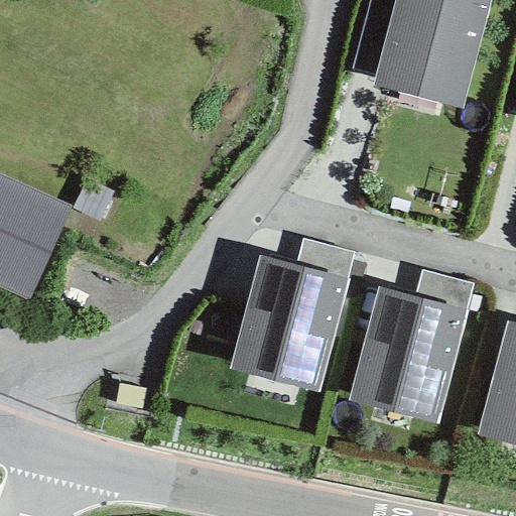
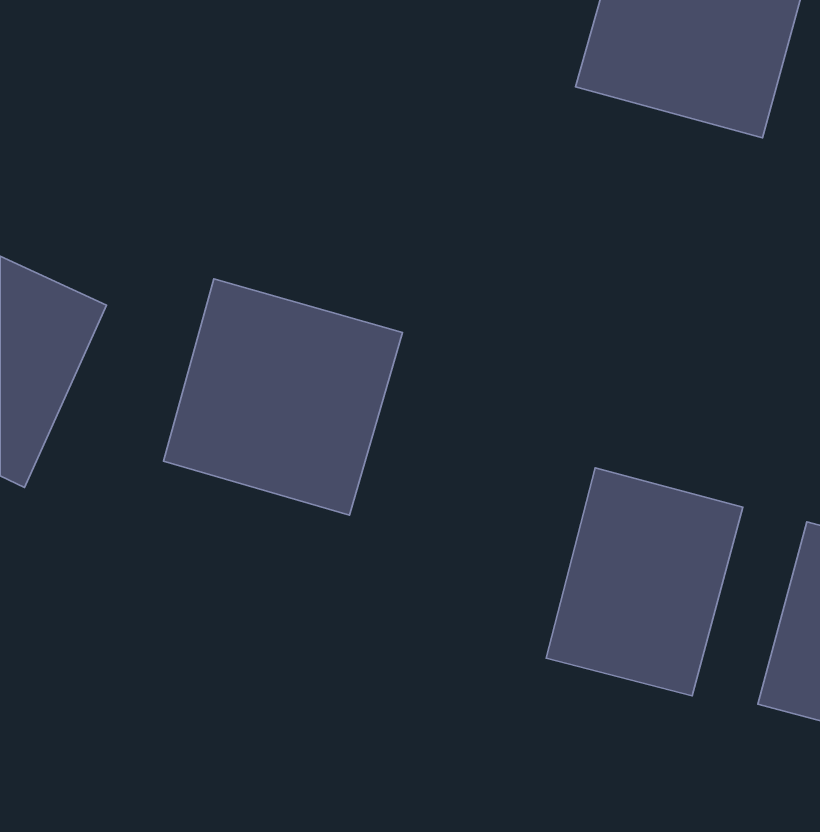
building: none -> [164,279,403,515]
building: [227,253,349,396] -> none

